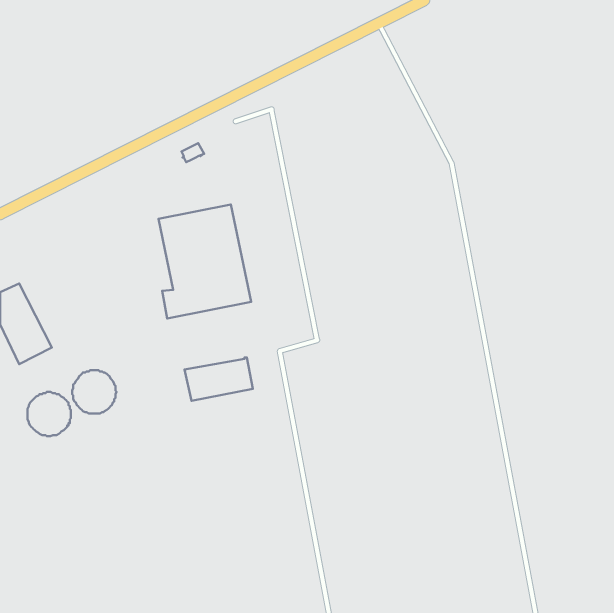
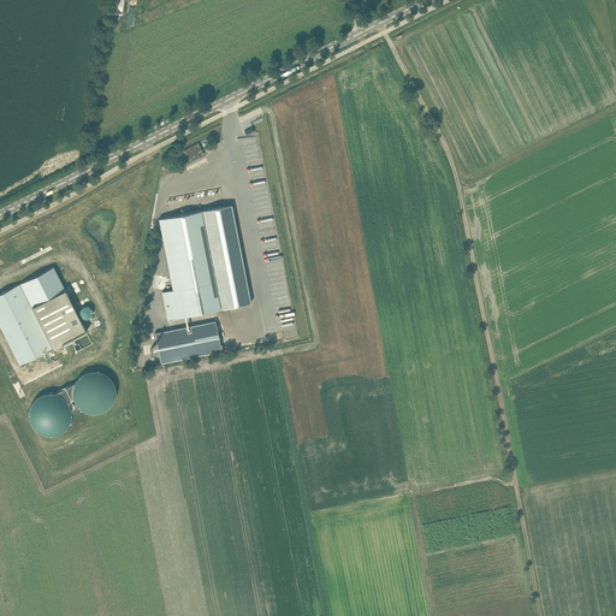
building: none -> [19,267,87,349]
building: [184,358,253,401] -> [154,321,223,365]

